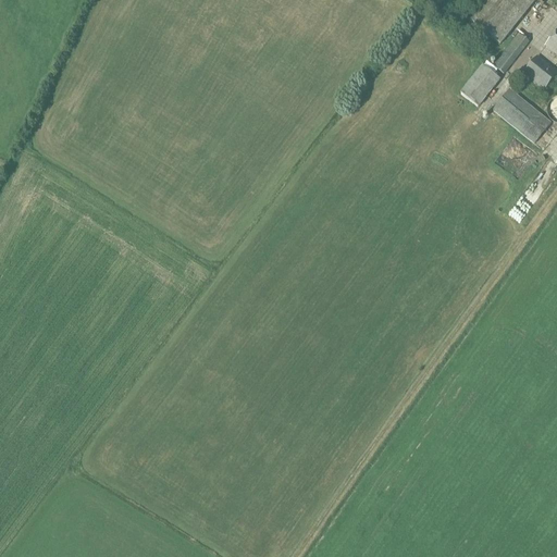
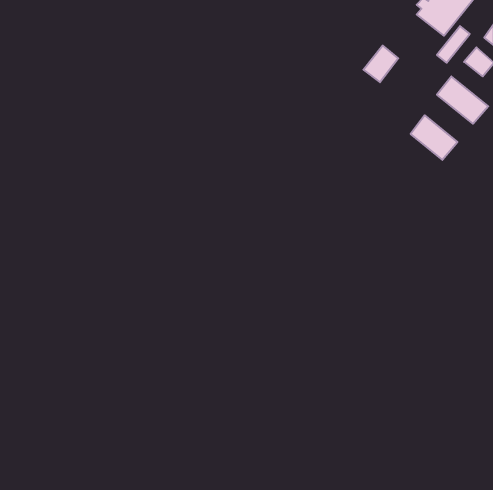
building: [460,63,499,104] -> [363,46,398,82]
building: none -> [411,115,457,160]

